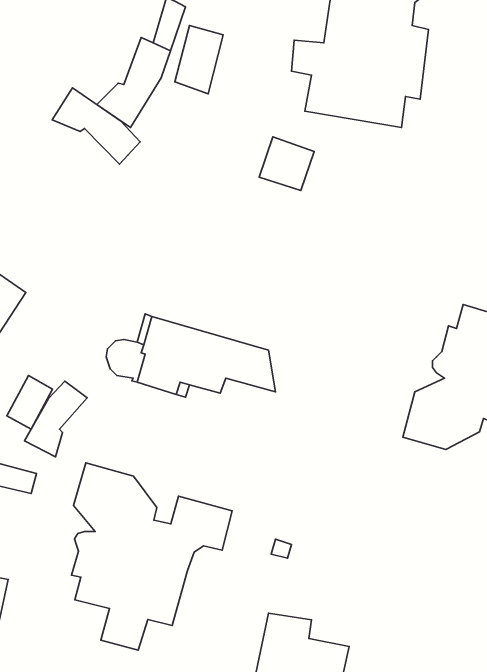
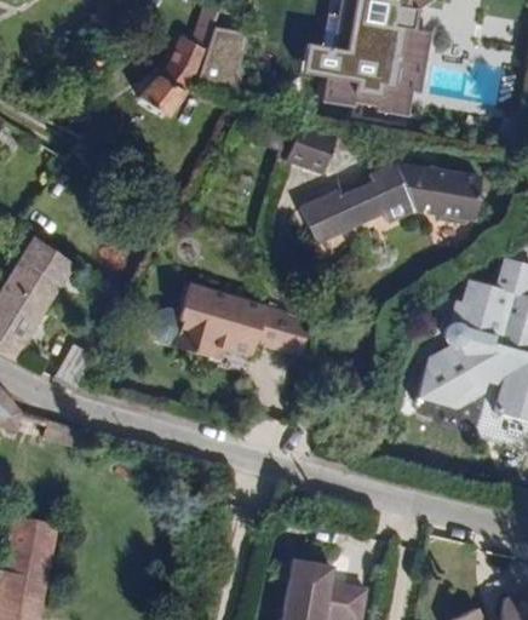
building: [52,88,140,164] -> none
building: none -> [297,165,481,242]
building: [25,381,87,457] -> none
building: [72,463,232,650] -> none

